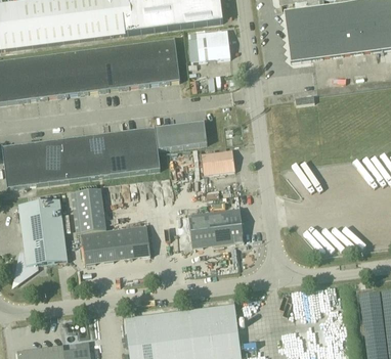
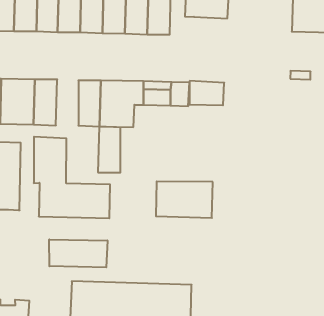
building: [84,134,110,178] -> [98,126,120,173]
building: [201,149,234,174] -> [189,81,224,105]
building: none -> [49,239,107,267]

